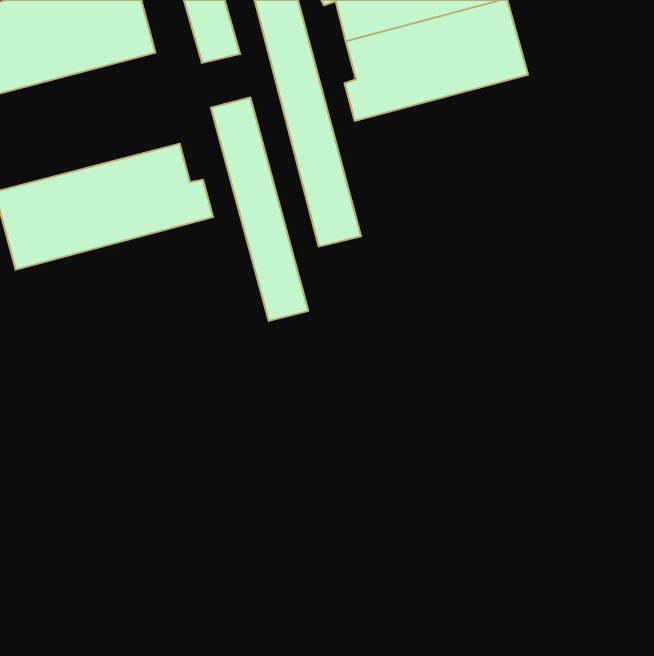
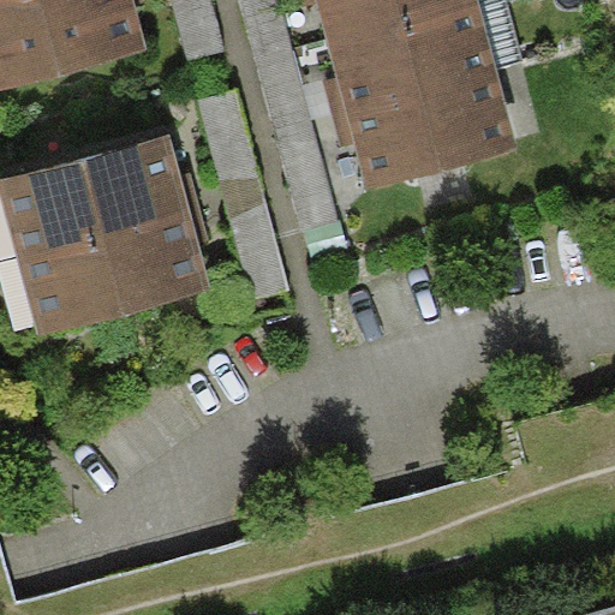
building: none -> [332,70,517,192]
building: none -> [14,203,209,333]

